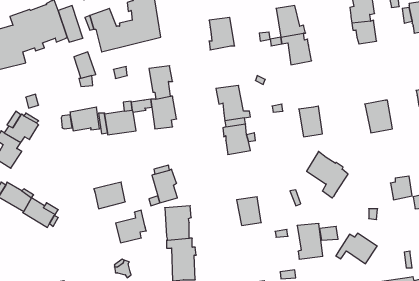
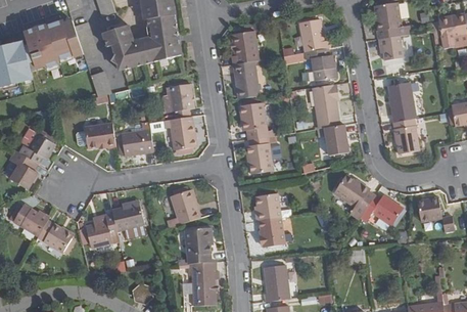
building: none -> [232,61,259,99]
building: none -> [388,83,414,122]
building: none -> [311,84,339,129]
building: none -> [254,192,281,221]
building: [116,210,146,243] -> [86,213,118,247]
building: [297,224,323,259] -> [264,264,290,301]
building: [336,233,377,264] -> [361,193,404,225]

